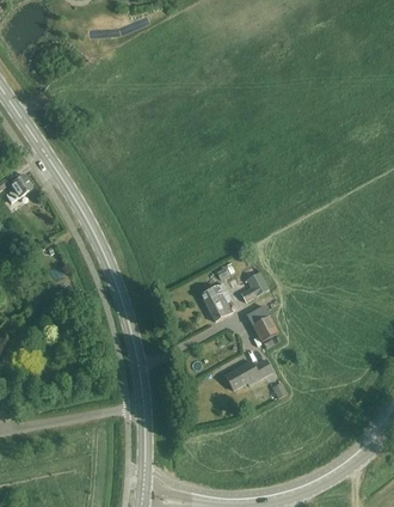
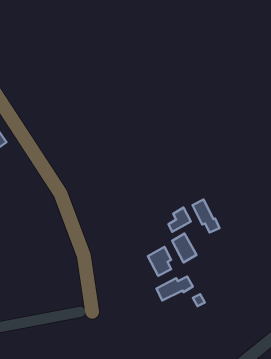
building: none -> [193,199,219,233]
building: [199,282,229,319] -> [148,247,171,276]

